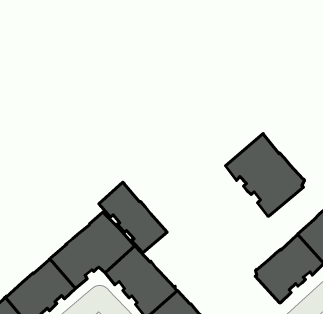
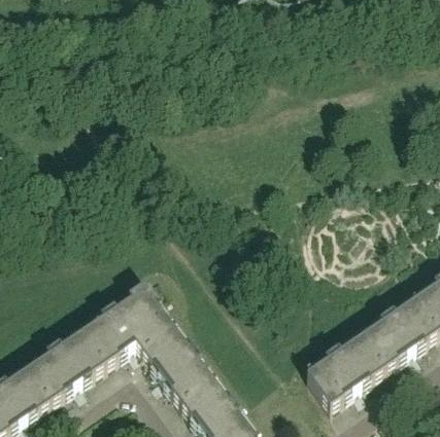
building: [225,134,304,216] -> none
building: [99,182,167,253] -> none

